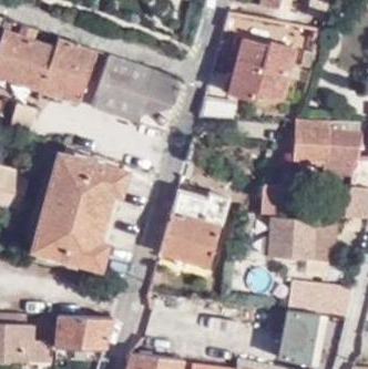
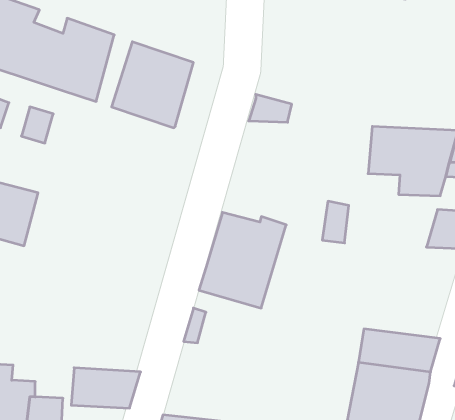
building: [229,44,295,105] -> none
building: [141,72,182,123] -> none
building: [32,153,126,268] -> none
building: [267,221,334,265] -> none

